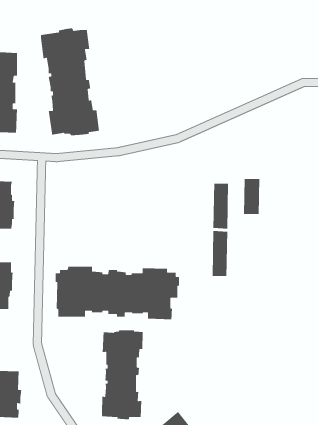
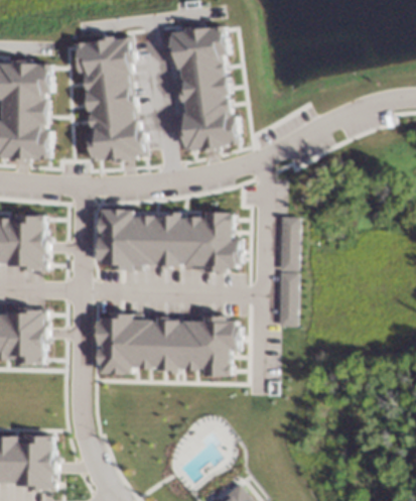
building: none -> [169,25,240,152]
building: none -> [96,209,242,272]
building: [243,178,260,215] -> none
building: [101,329,144,420] -> none

